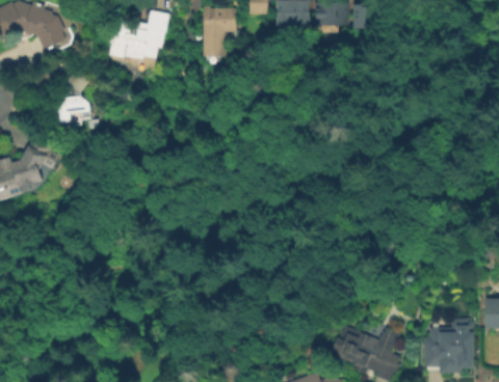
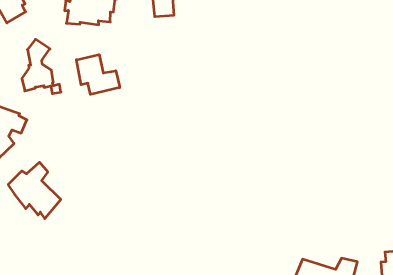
building: none -> [76,55,120,94]
building: none -> [8,162,61,219]

